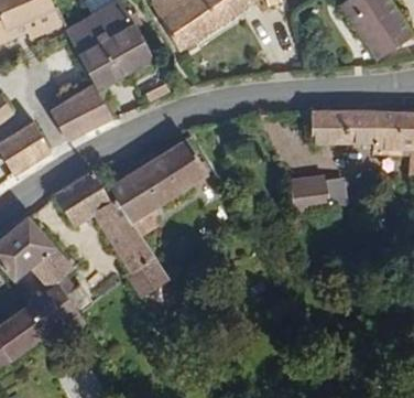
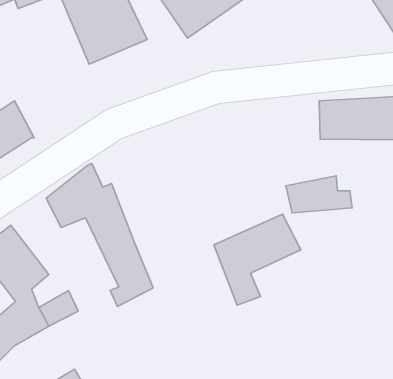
building: [46,76,112,140] -> none
building: [121,160,199,241] -> [214,214,301,305]

